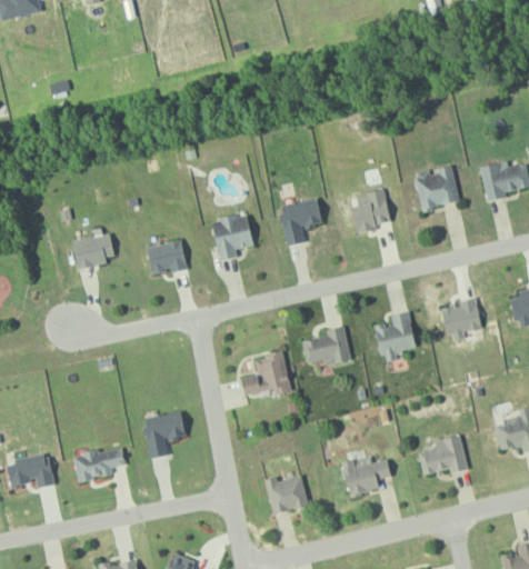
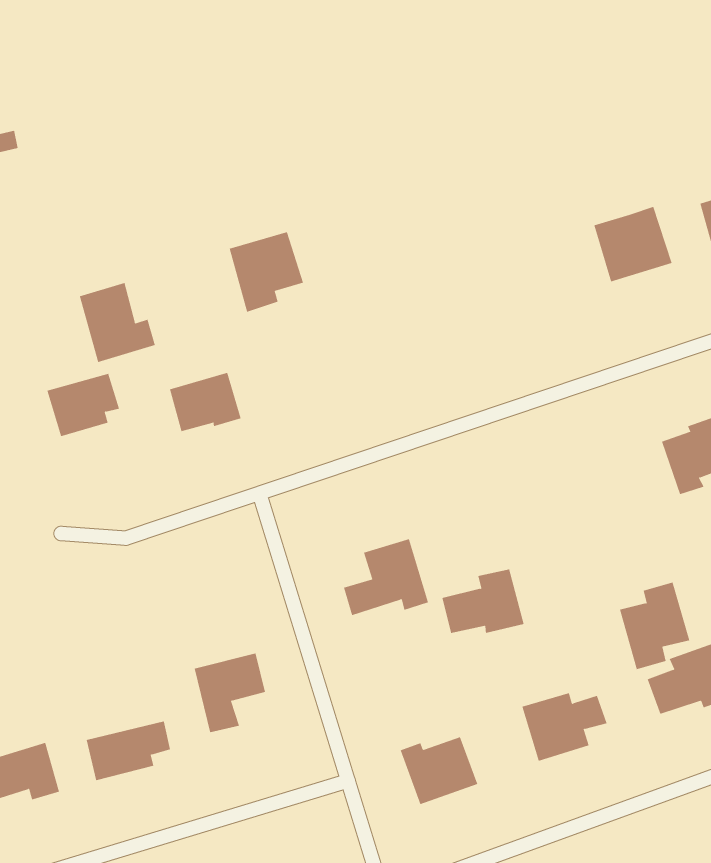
building: none -> [79,282,156,363]
building: [349,189,391,231] -> none
building: [277,197,323,246] -> none
building: [210,213,253,260] -> [229,231,304,312]
building: [375,311,416,362] -> [619,582,690,670]
building: [301,327,350,365] -> [441,569,525,634]

